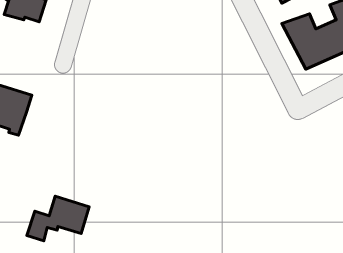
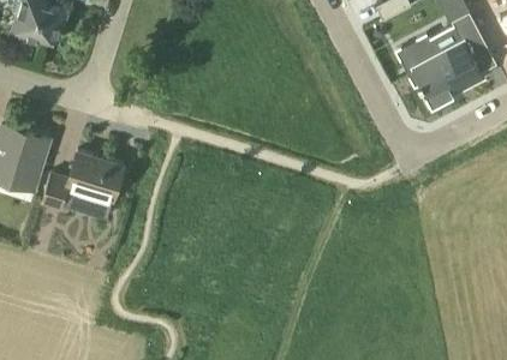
building: [27,196,89,241] -> [40,151,124,211]

